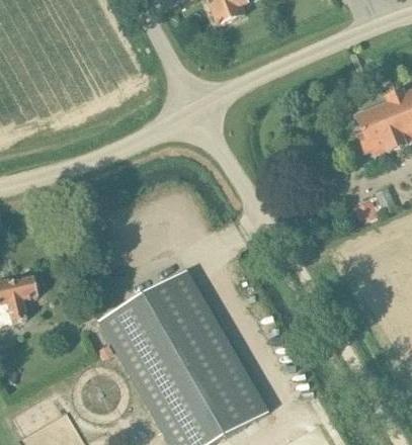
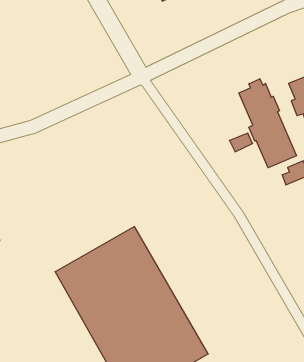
building: none -> [239,79,296,168]

